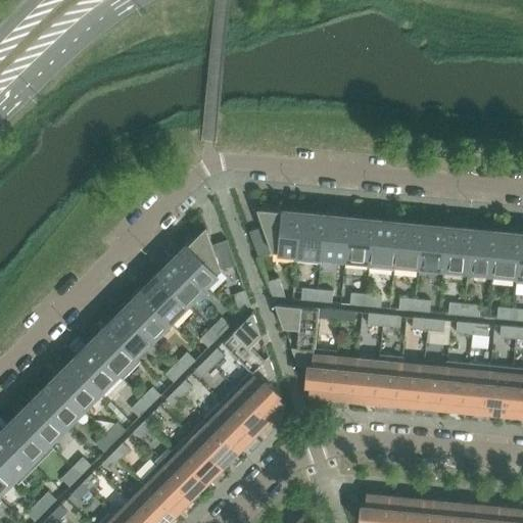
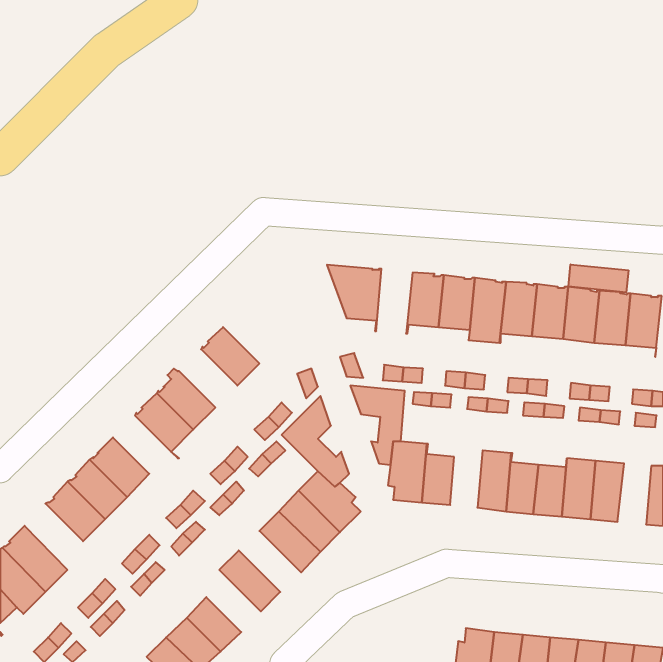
building: none -> [568,264,628,292]
building: [296,212,325,264] -> none
building: [176,228,222,287] -> none
building: [141,276,187,322] -> none
building: [89,328,140,380] -> none
building: [354,354,380,400] -> none
building: [486,366,513,414] -> none
building: [19,397,65,449] -> none
building: [188,419,237,467] -> none
building: [162,449,205,498] -> none

